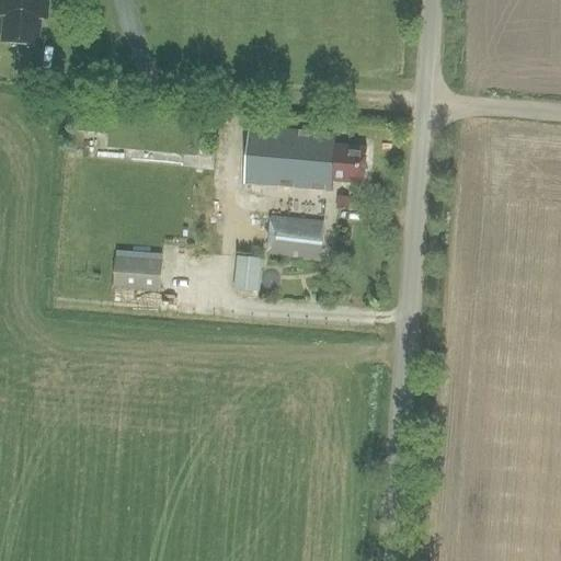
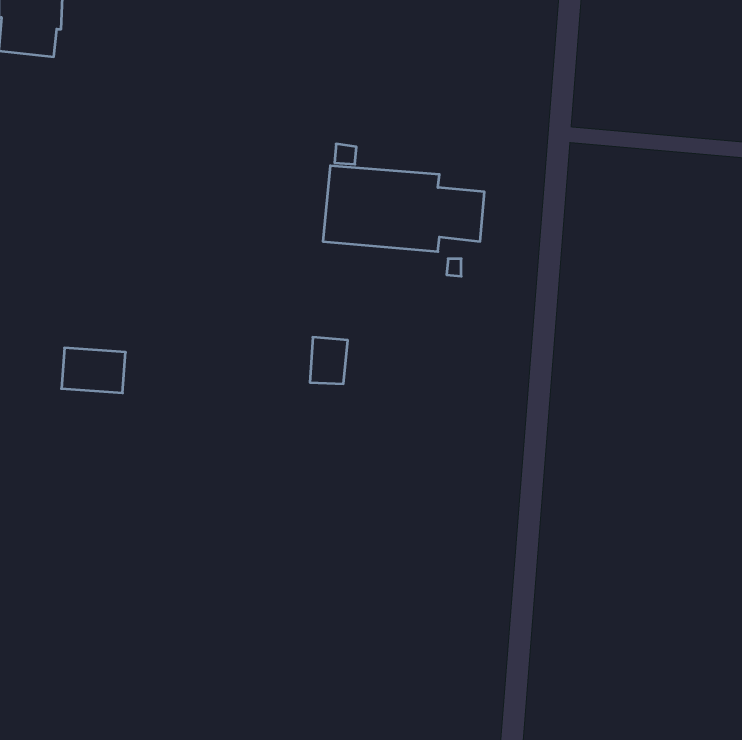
building: [268,215,323,259] -> none
building: [113,255,161,289] -> [61,348,126,393]

